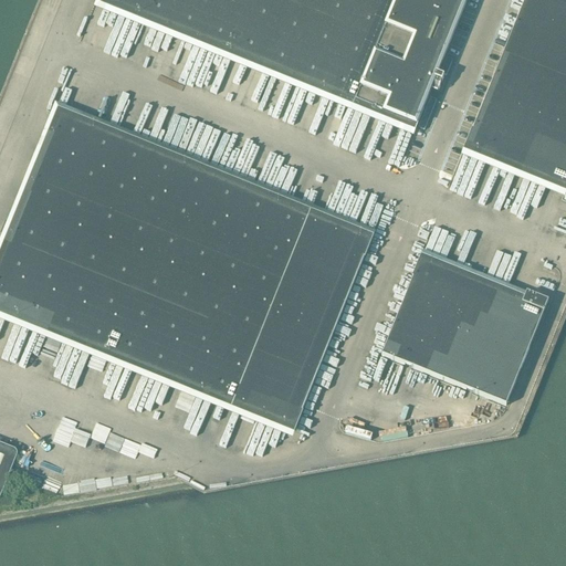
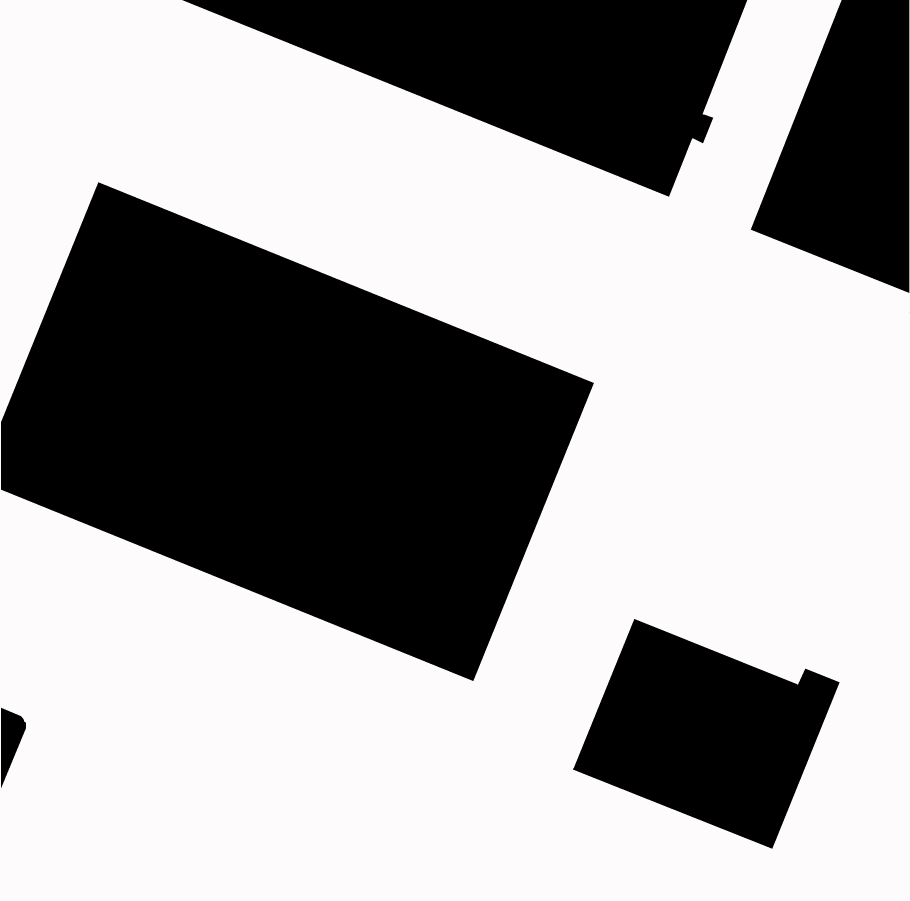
building: [380,258,547,401] -> [571,618,840,850]

